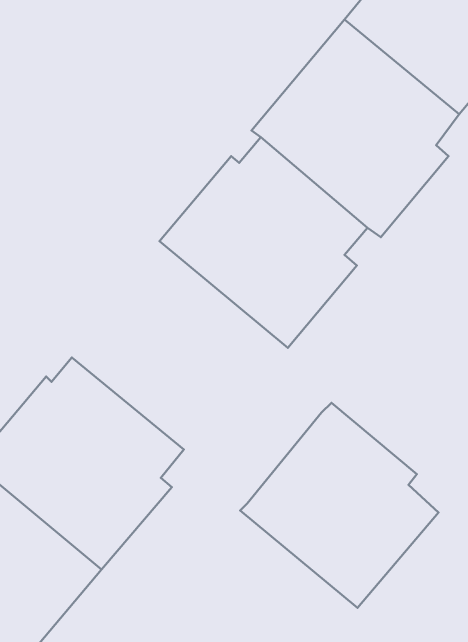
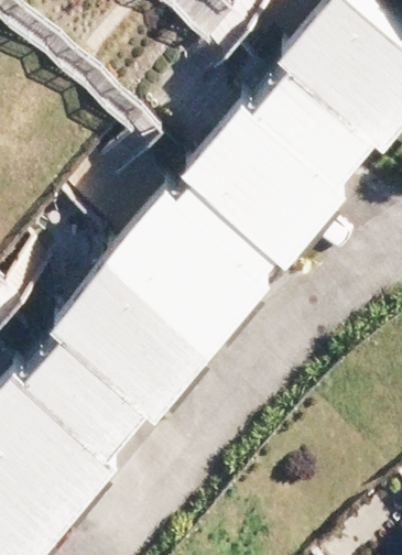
building: none -> [63,227,239,396]
building: [240,403,438,608] -> none

